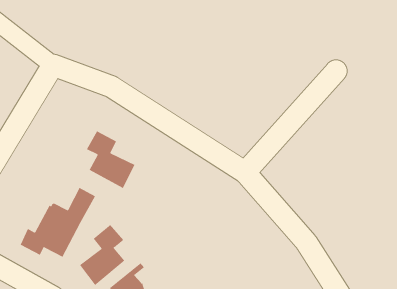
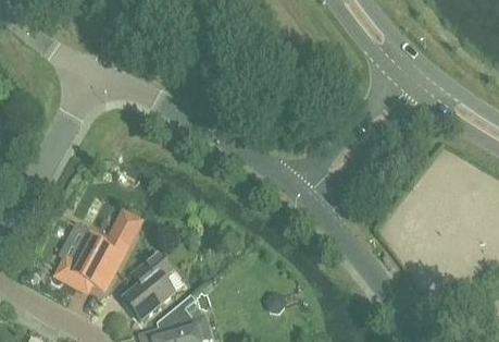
building: [86,130,135,189] -> none

